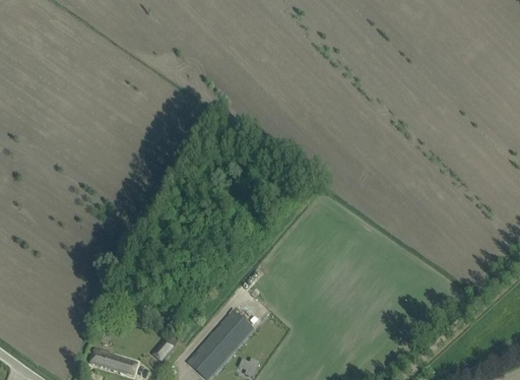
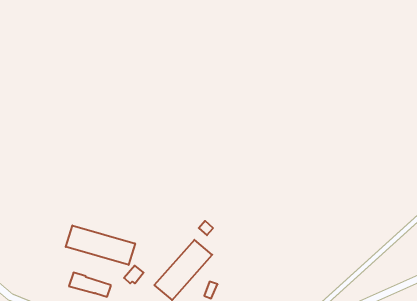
building: none -> [66,225,135,265]

